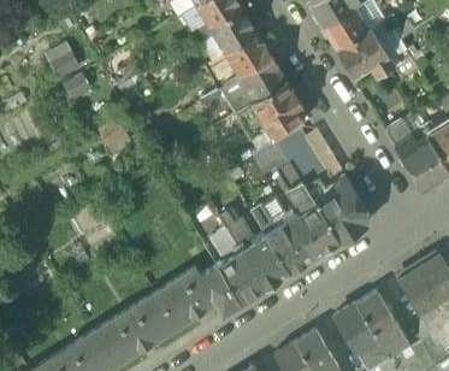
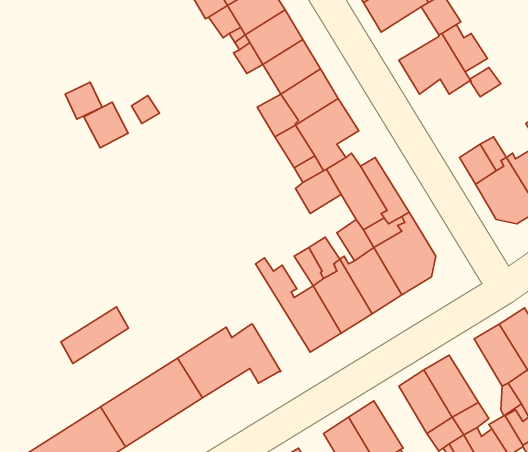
building: [321,7,368,51] -> none
building: [47,41,83,78] -> [84,102,128,148]
building: [211,217,264,305] -> none
building: none -> [61,307,128,364]

